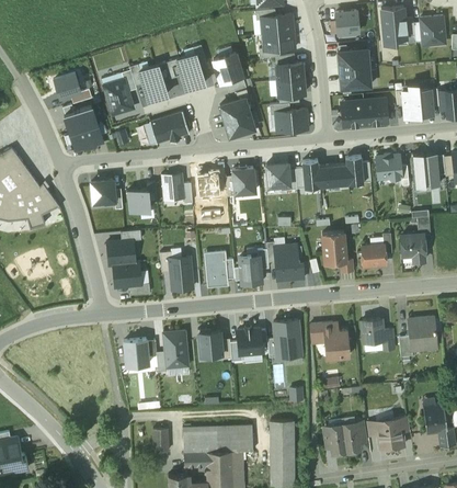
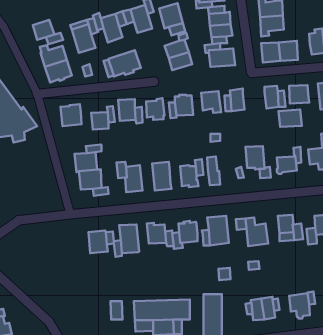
building: [319,164,349,186] -> [278,109,302,127]
building: [285,245,305,281] -> none

